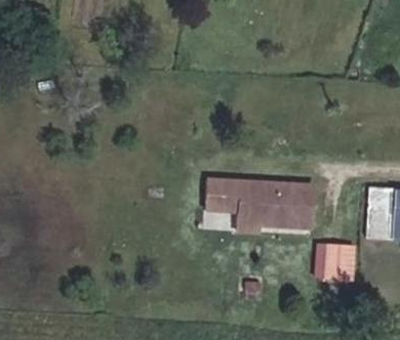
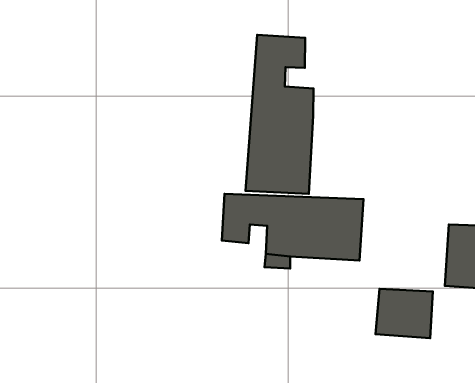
building: none -> [246,35,313,194]

